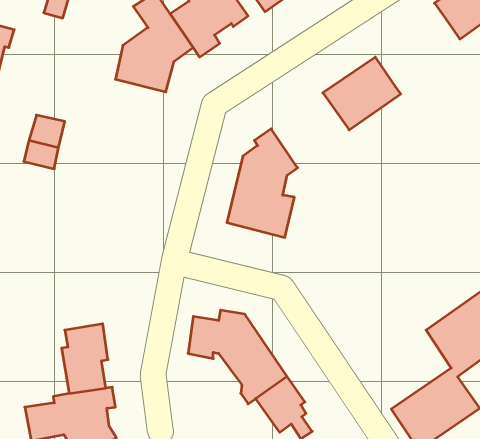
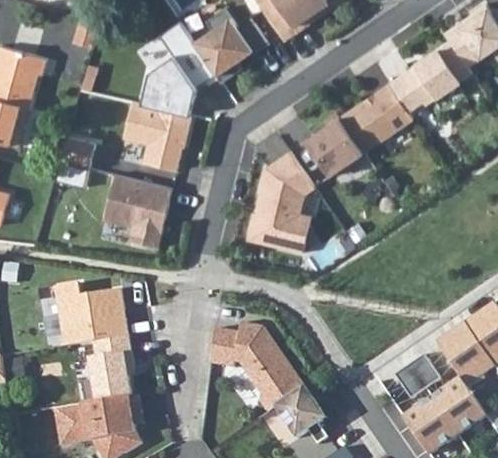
building: none -> [388,39,472,110]
building: none -> [122,101,190,170]
building: none -> [305,116,363,175]
building: none -> [102,174,171,247]
building: none -> [54,282,129,346]
building: none -> [394,353,441,399]

